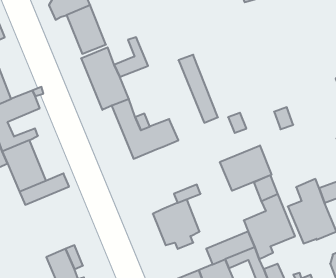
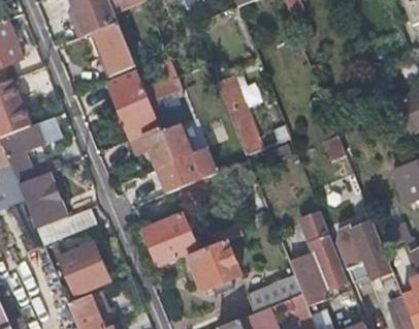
building: [220,145,271,191] -> none
building: none -> [143,211,198,266]
building: none -> [60,243,108,293]

